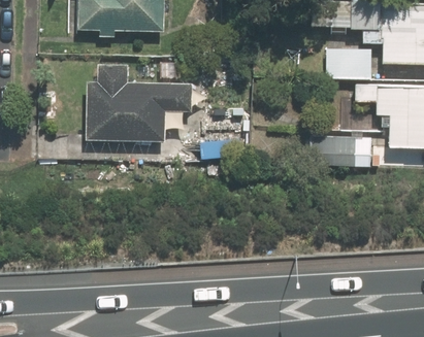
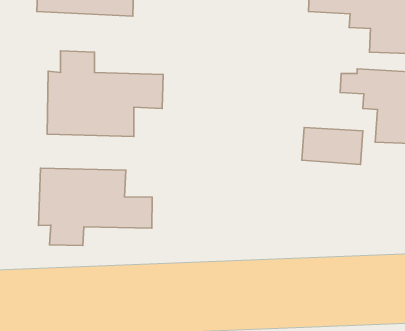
building: [325,46,376,80] -> none
building: none -> [38,168,152,245]

